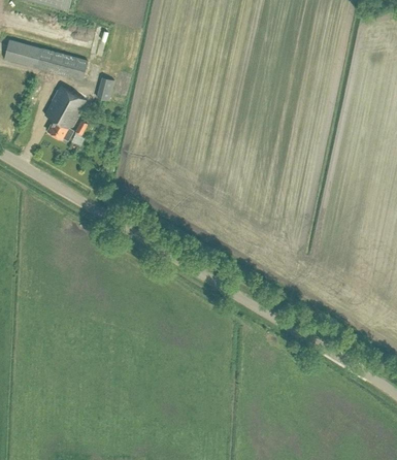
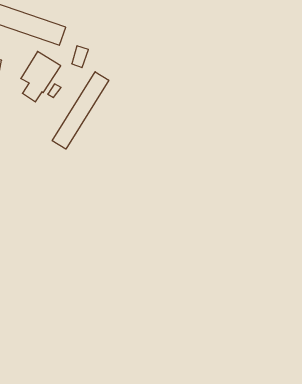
building: none -> [52,72,109,149]

